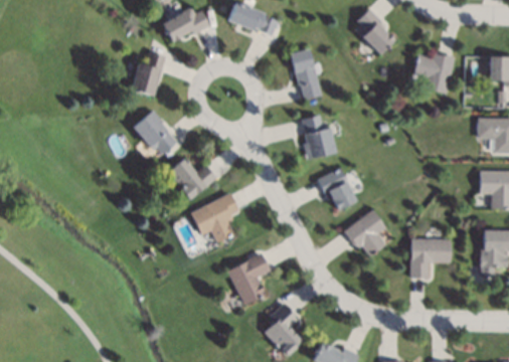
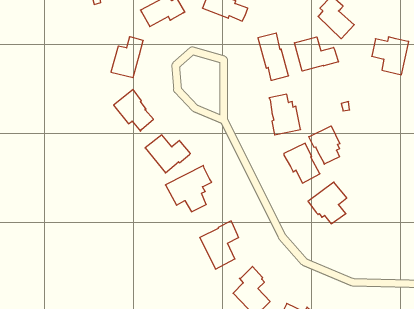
building: none -> [294,37,338,71]
building: none -> [309,126,340,164]
building: [410,238,451,279] -> none

